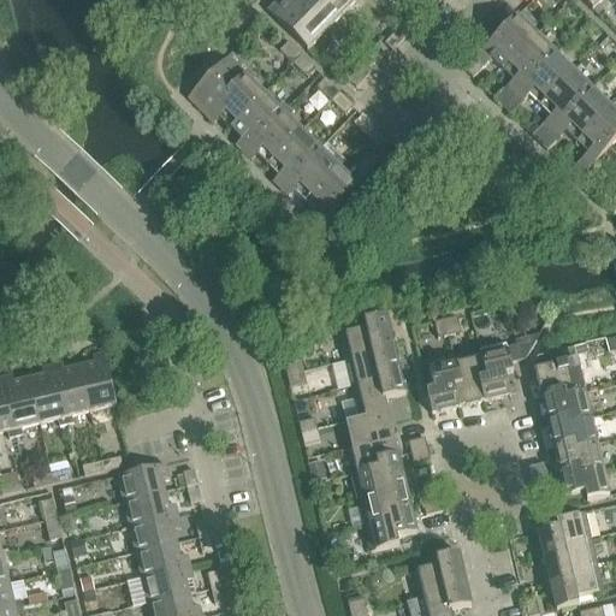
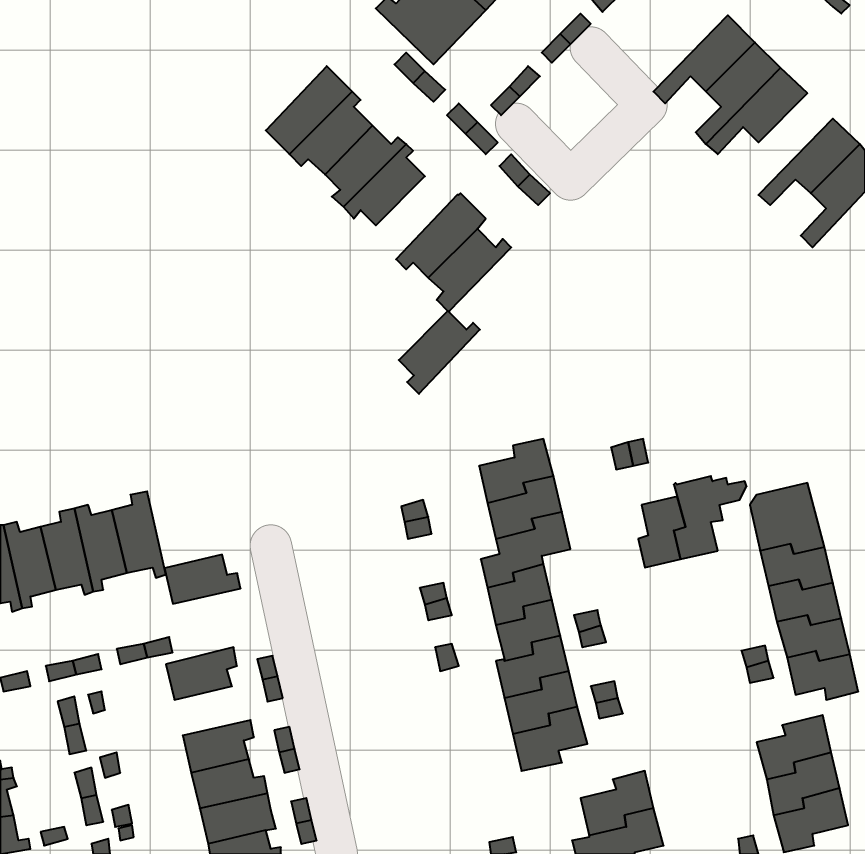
building: [532,66,592,138] -> none
building: [267,125,325,184] -> [399,311,480,394]
building: [427,359,461,409] -> none
building: [124,487,178,522] -> [164,555,241,604]

